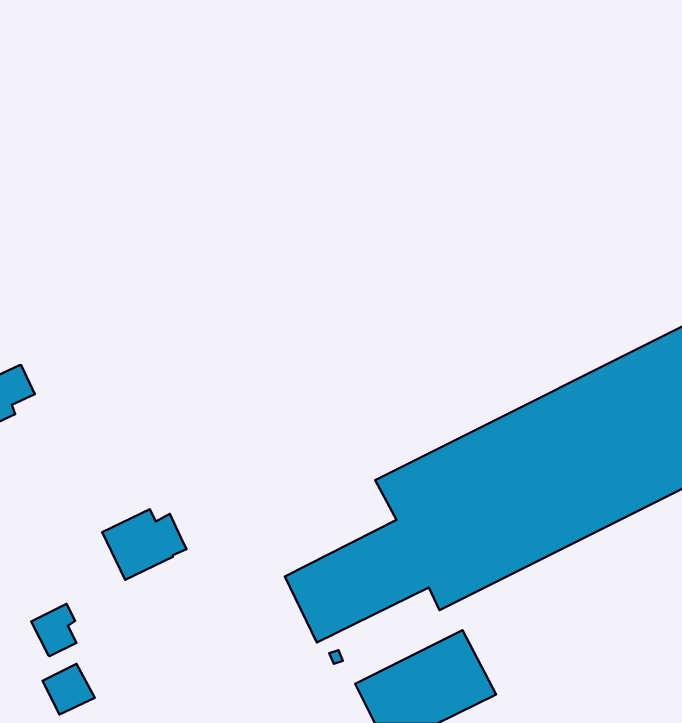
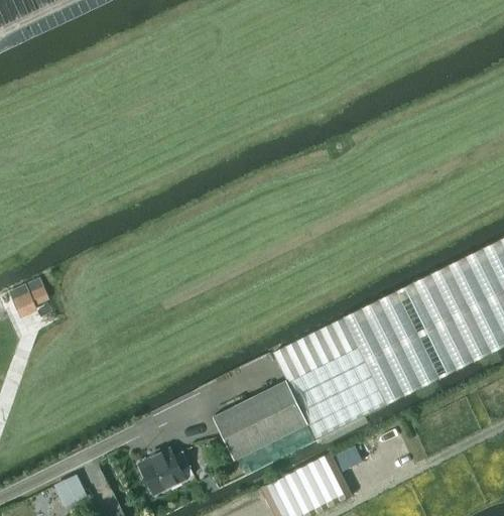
building: [102,509,187,580] -> [138,448,194,495]
building: [31,604,76,656] -> none

